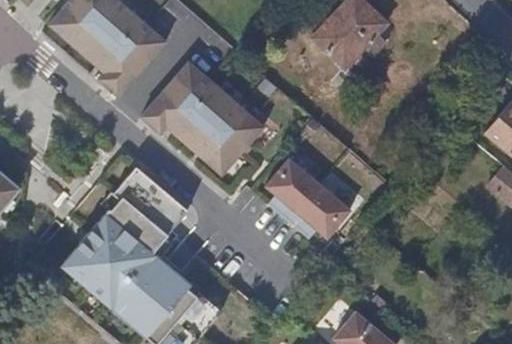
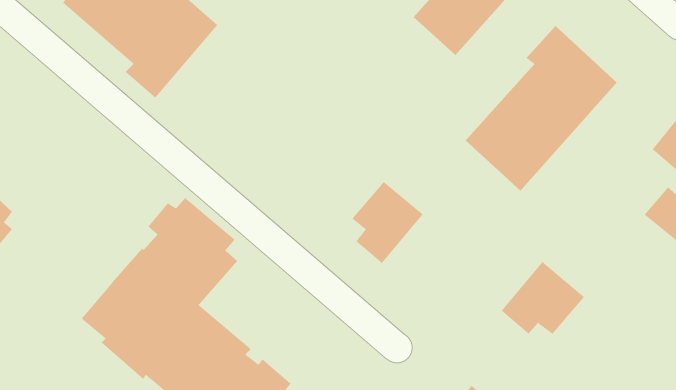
building: none -> [465,25,618,192]
building: [141,62,265,176] -> none
building: [289,184,352,239] -> [501,261,585,334]

